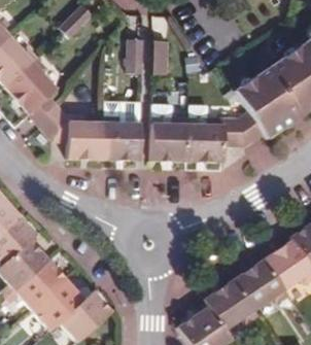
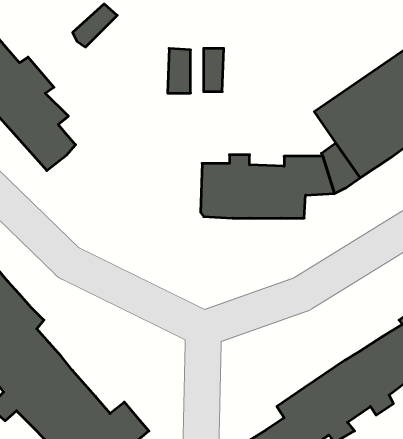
building: [40,114,142,160] -> none

